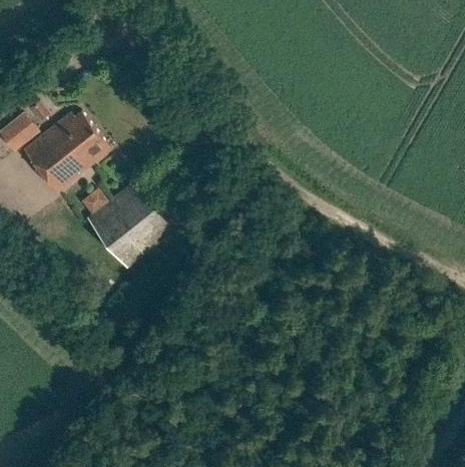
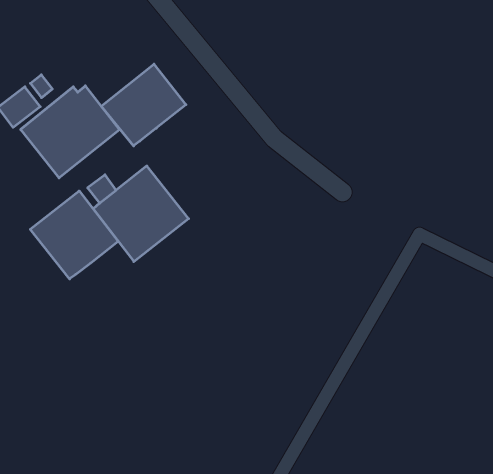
building: none -> [101,64,186,146]
building: none -> [30,191,118,279]

